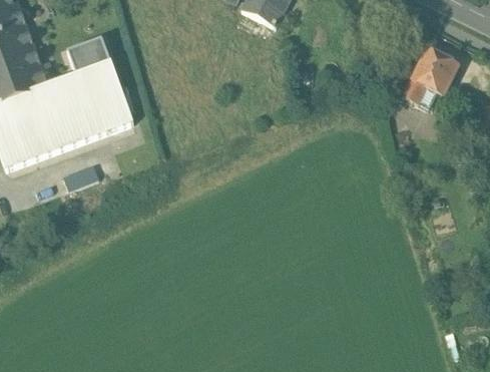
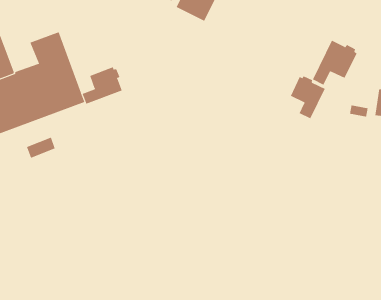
building: none -> [82,67,122,104]
building: none -> [290,76,325,119]

